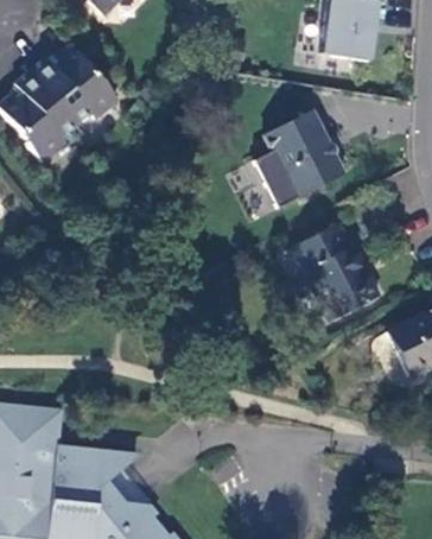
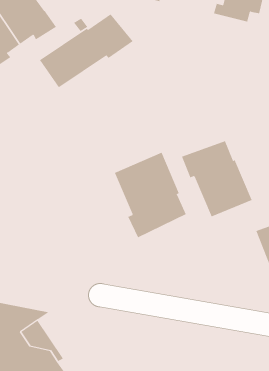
building: none -> [39,13,133,88]
building: [263,110,342,198] -> none
building: none -> [114,152,187,238]

